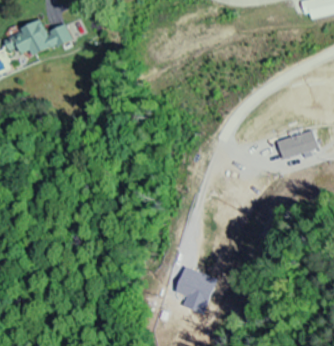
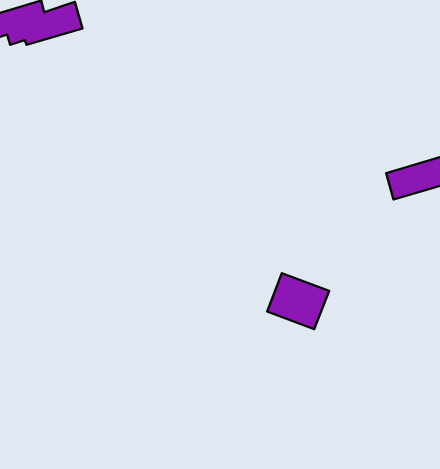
building: [177,265,219,303] -> [267,273,329,329]

